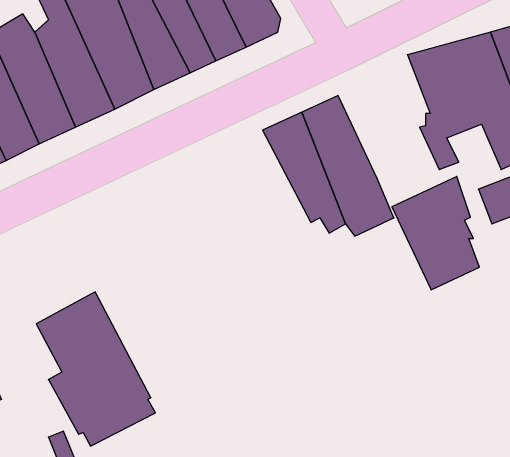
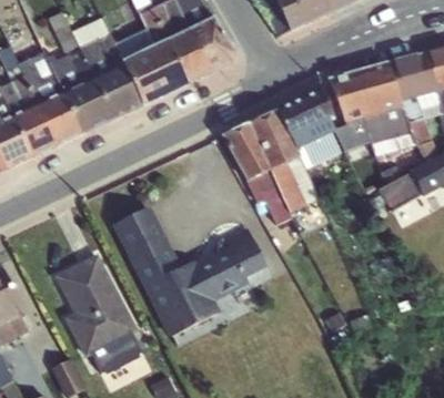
building: [392,176,479,290] -> [276,88,341,171]
building: none -> [113,206,268,338]

